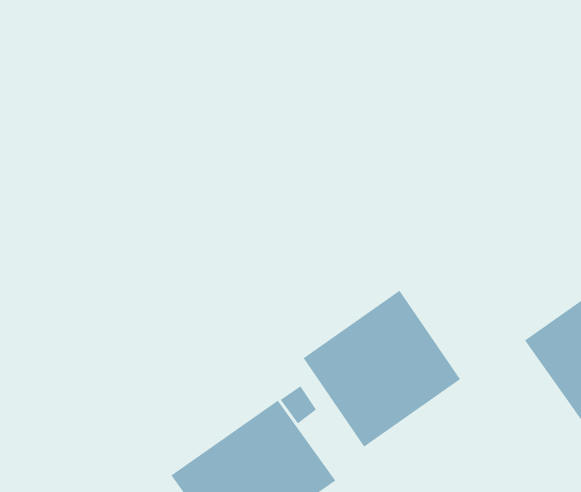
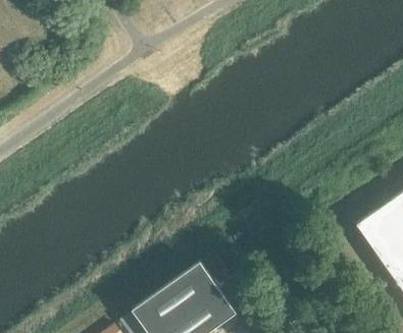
building: [303,290,461,447] -> none

